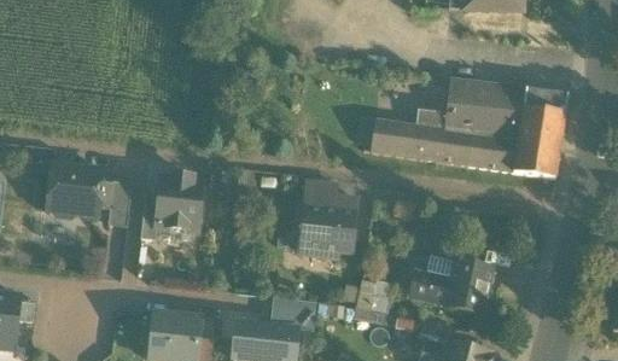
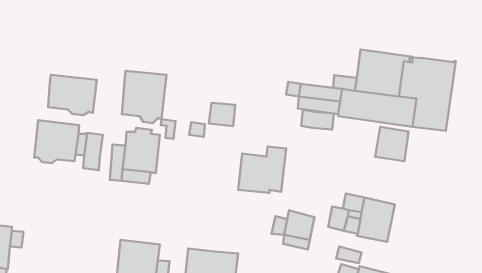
building: none -> [122,71,167,123]
building: none -> [48,75,97,115]
building: none -> [301,110,334,130]
building: none -> [375,127,409,161]
building: [304,180,337,209] -> [209,103,235,126]
building: [270,297,316,330] -> none

